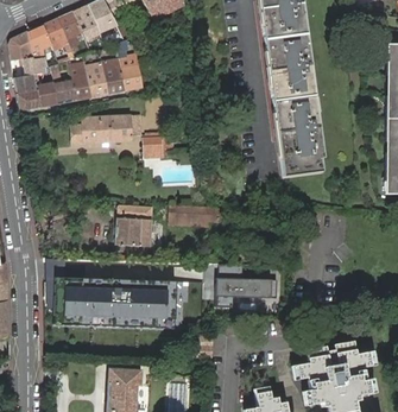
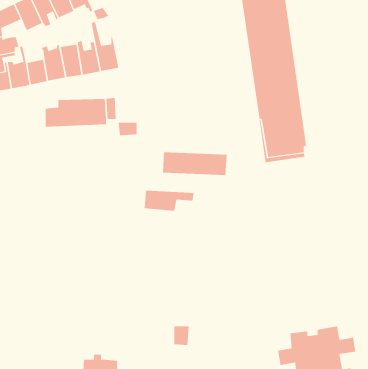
building: [113,204,150,245] -> none
building: [53,273,178,325] -> none
building: [216,274,279,297] -> [162,152,227,175]

